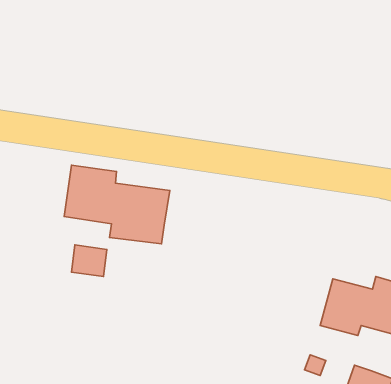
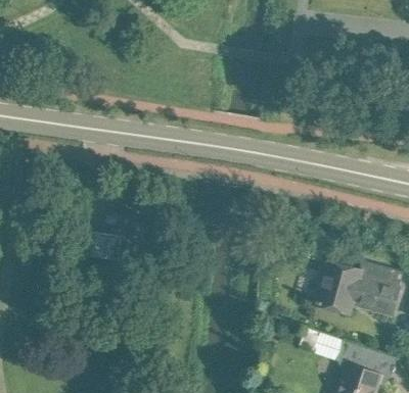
building: [64,165,170,244] -> none

